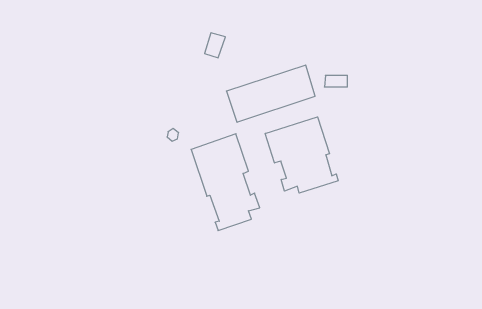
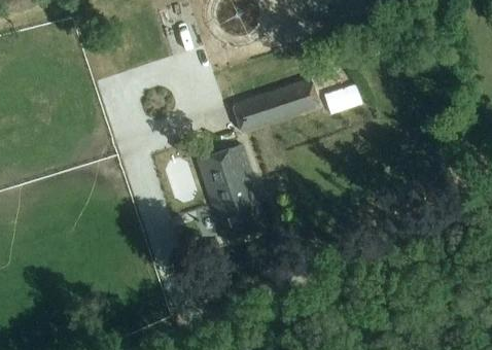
building: [265,117,338,193] -> none

